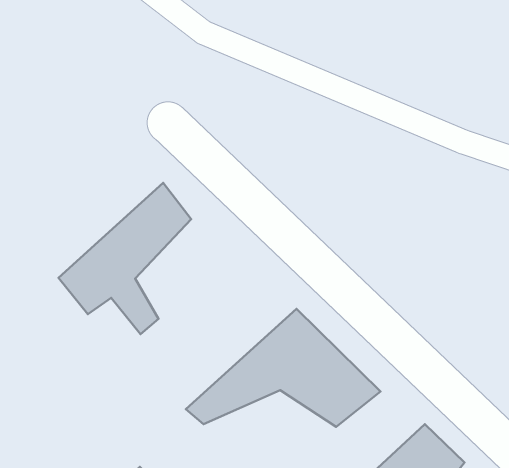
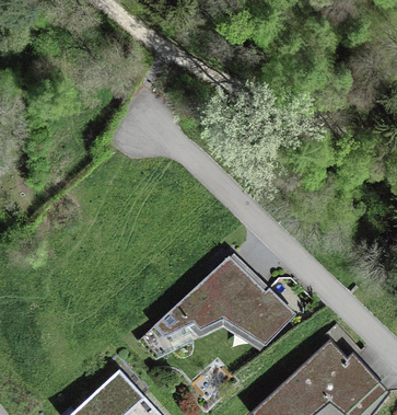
building: [58,183,191,334] -> none

